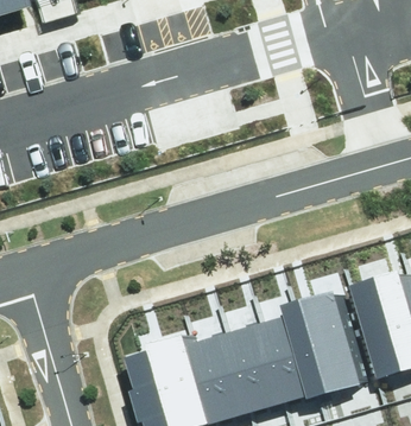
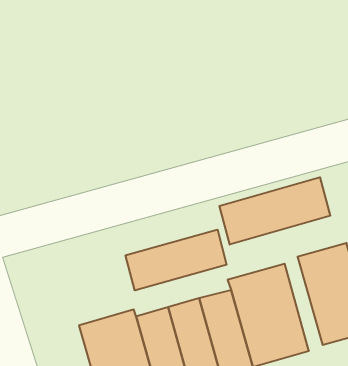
building: none -> [219,177,330,245]
building: none -> [126,230,227,290]

